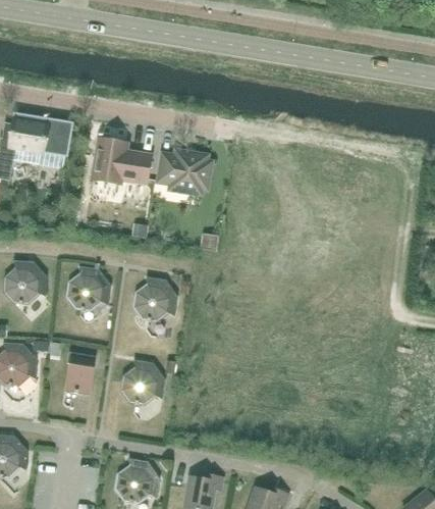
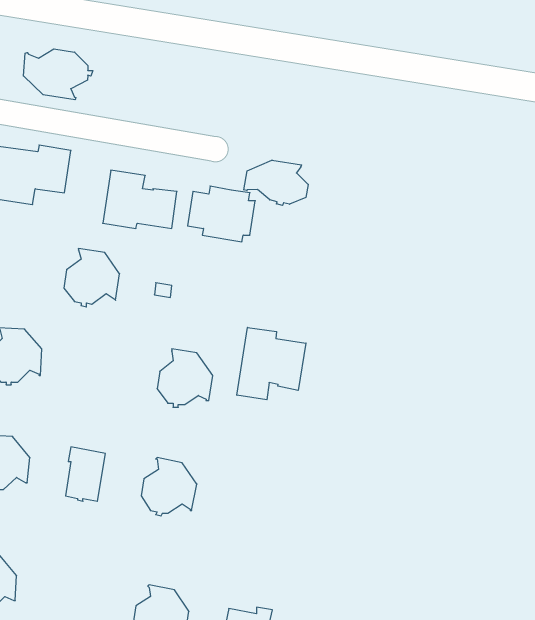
building: none -> [23,49,93,100]
building: none -> [244,160,308,205]
building: none -> [237,327,306,400]
building: [68,265,111,310] -> [64,249,120,307]

